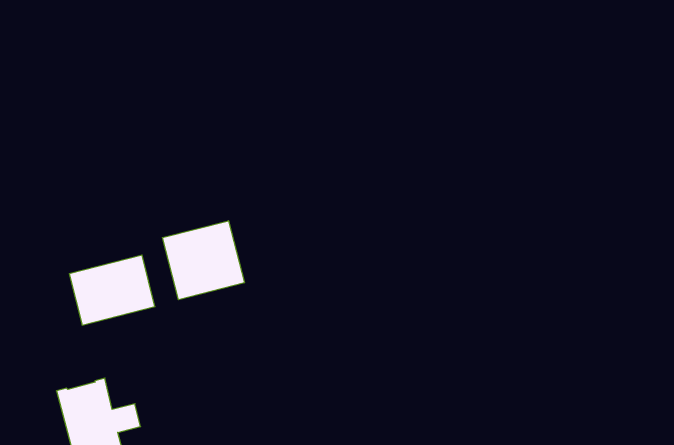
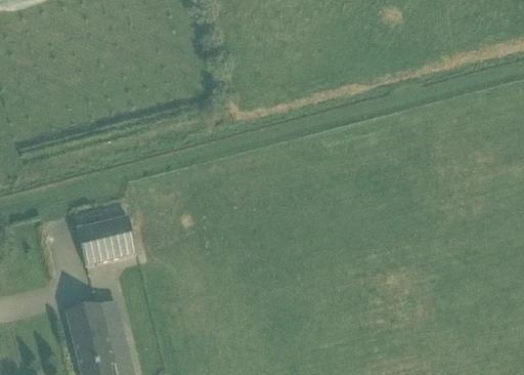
building: [162,221,245,300] -> none

